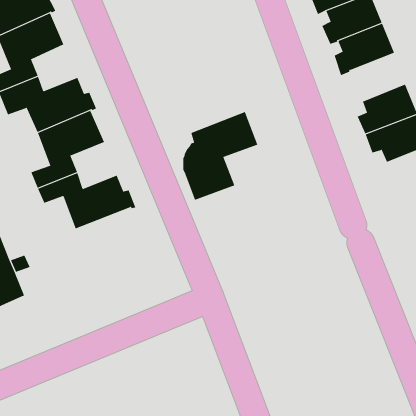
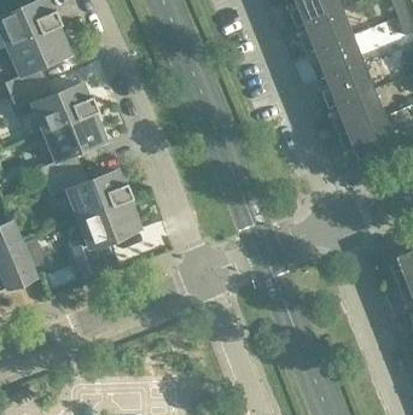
building: none -> [320,62,374,109]
building: [182,111,258,201] -> [72,199,140,279]

